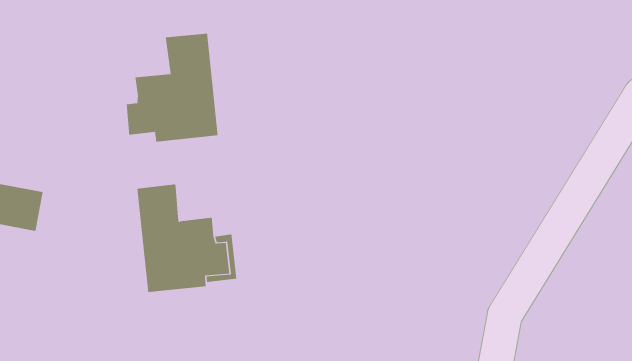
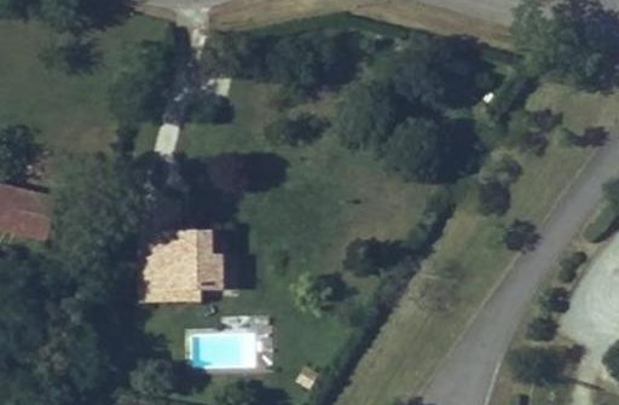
building: [126,33,218,142] -> none

